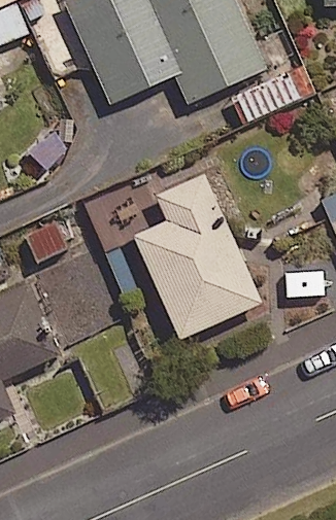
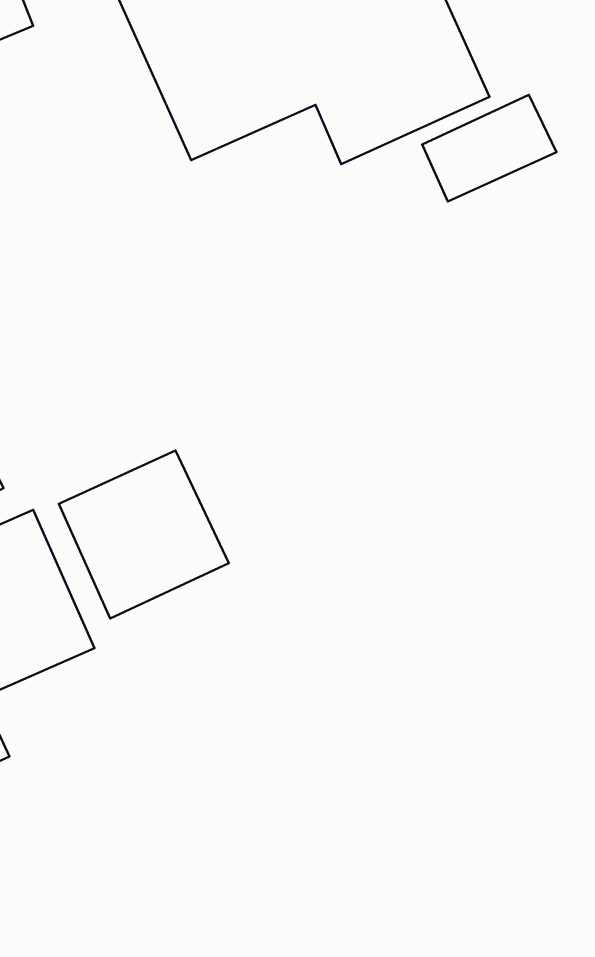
building: [133,174,261,338] -> none

